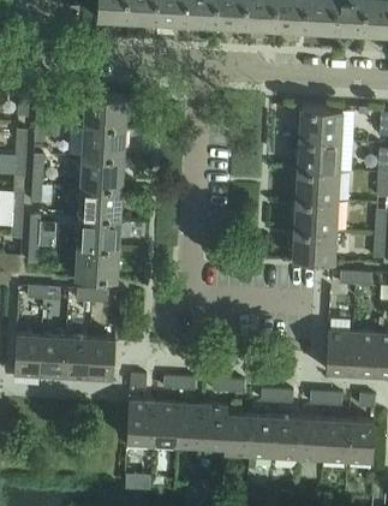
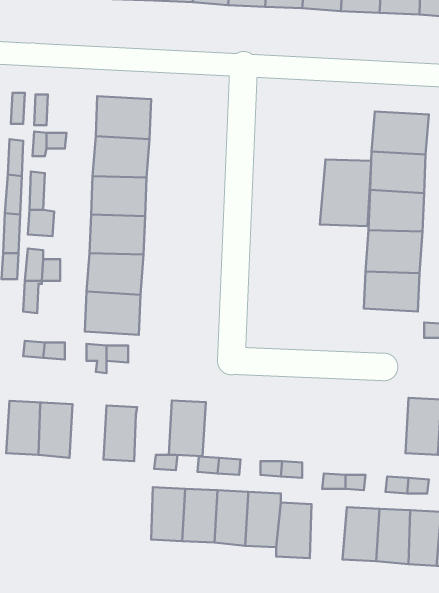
building: none -> [320,159,371,226]
building: [62,337,91,380] -> [169,401,206,456]
building: [250,415,279,458] -> none

